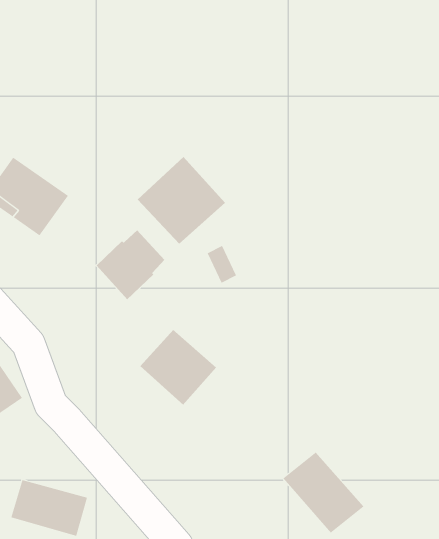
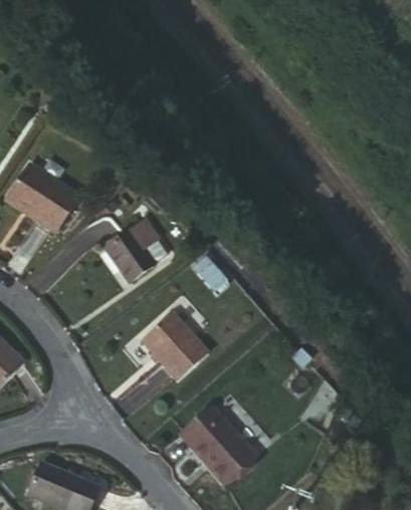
building: [137,156,226,245] -> none
building: [282,452,364,533] -> [179,405,252,478]

